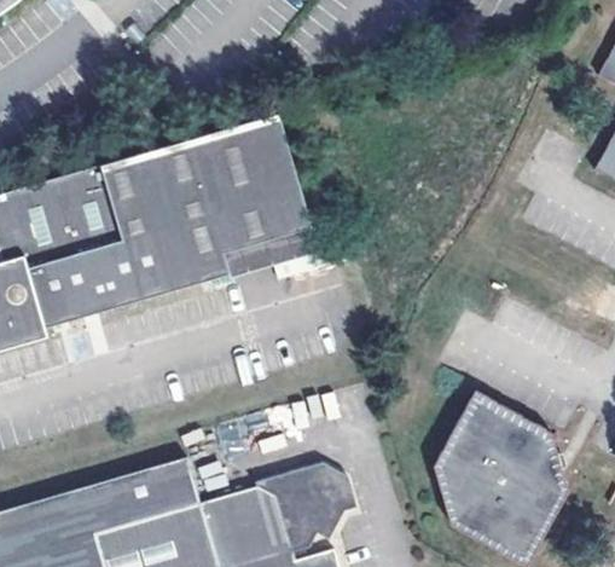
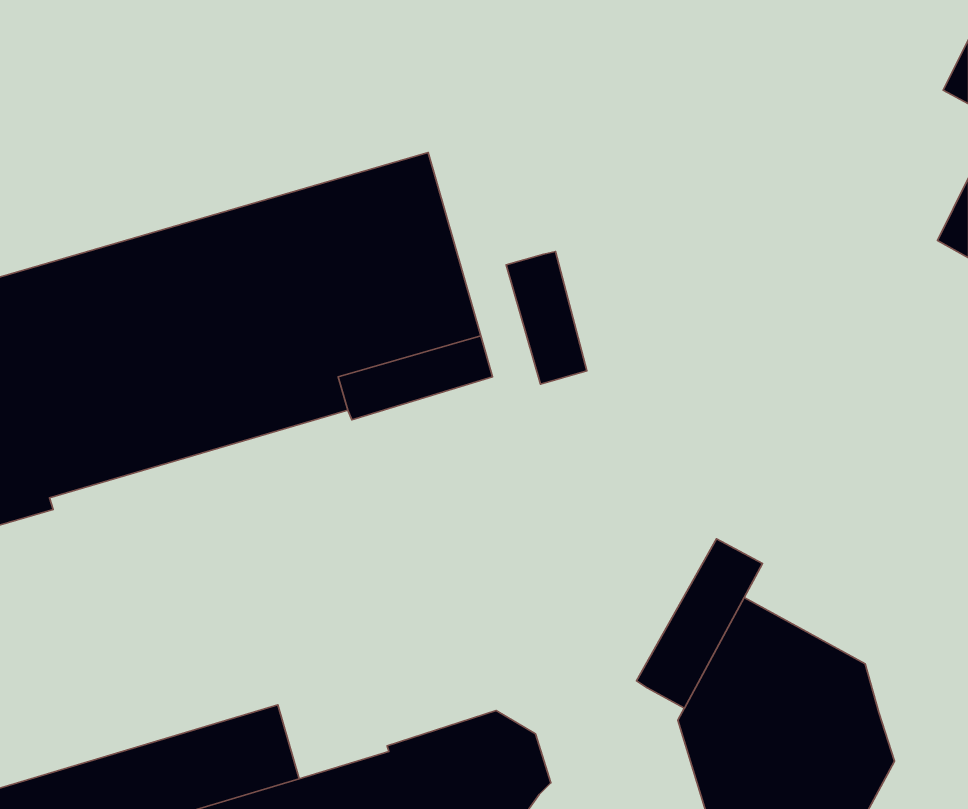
building: none -> [506,252,587,384]
building: none -> [636,539,762,708]

